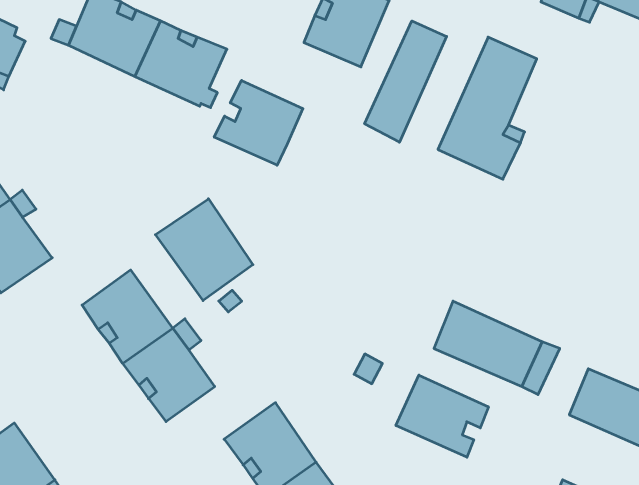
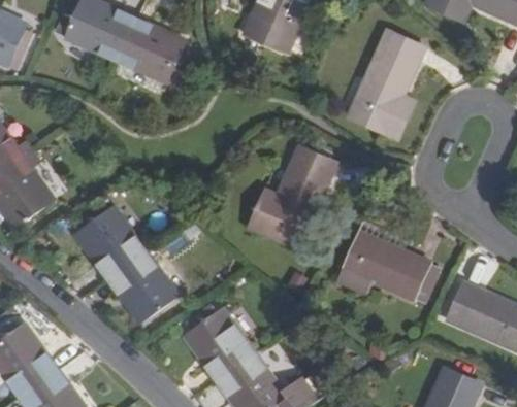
building: [365,21,447,142] -> none
building: [214,80,303,165] -> none
building: none -> [248,145,335,246]
building: [155,199,253,301] -> none
building: [396,375,488,457] -> none

